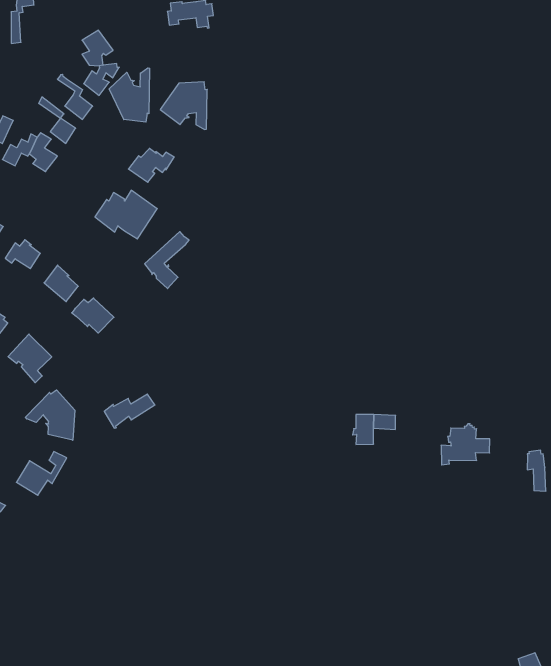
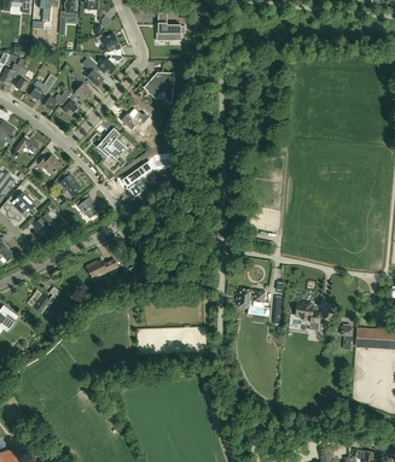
building: [109,68,150,122] -> none
building: [25,390,75,440] -> none

